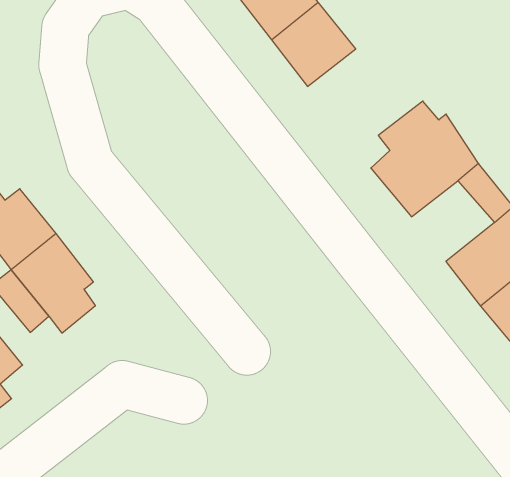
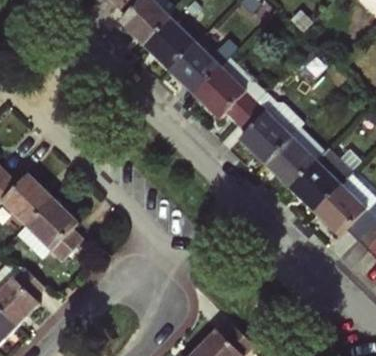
building: none -> [192,55,262,119]
building: none -> [264,136,314,185]

